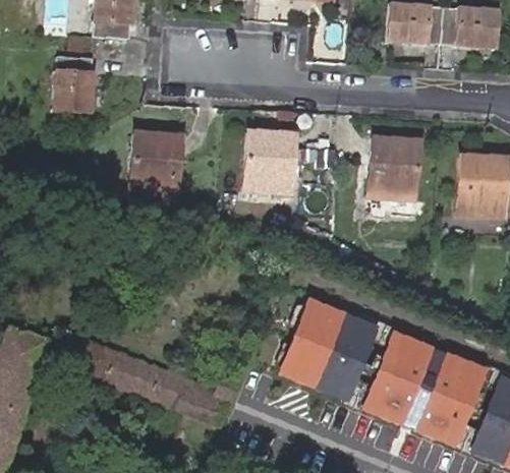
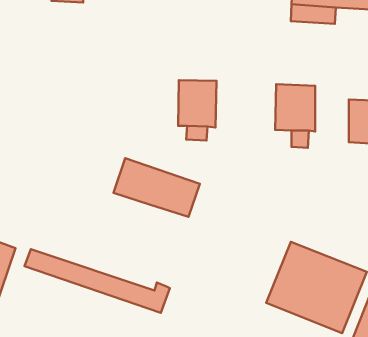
building: [52,56,95,112] -> none
building: [134,130,183,190] -> none
building: none -> [113,158,200,217]
building: [277,301,374,402] -> none

